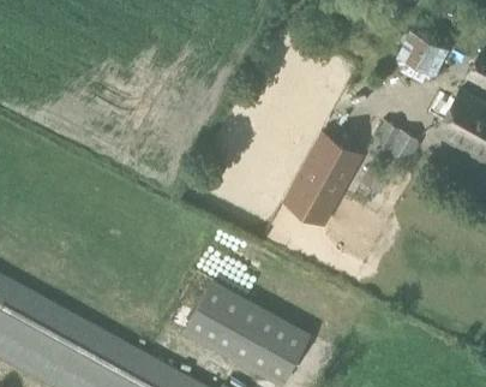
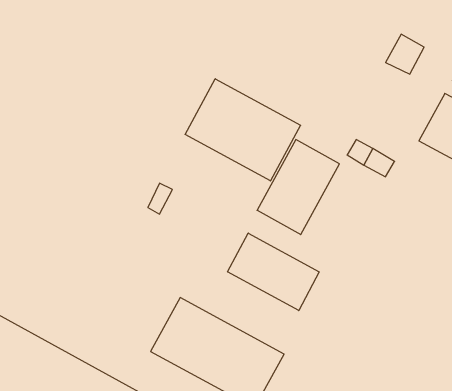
building: none -> [185,79,301,181]
building: none -> [228,233,319,311]

